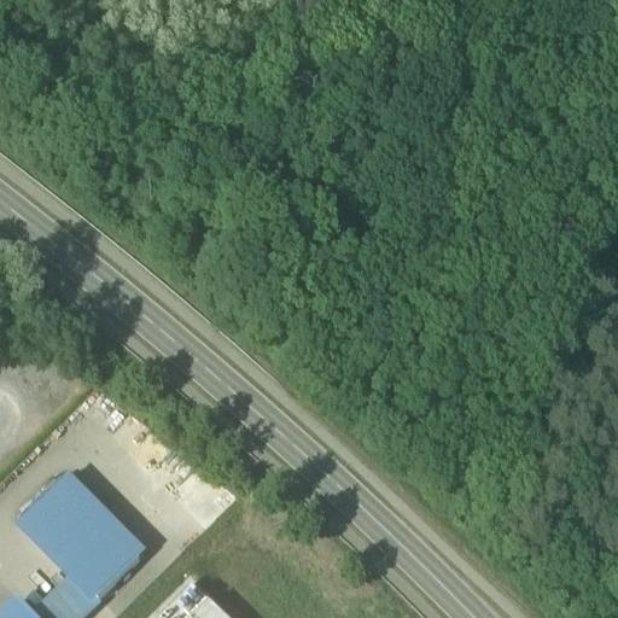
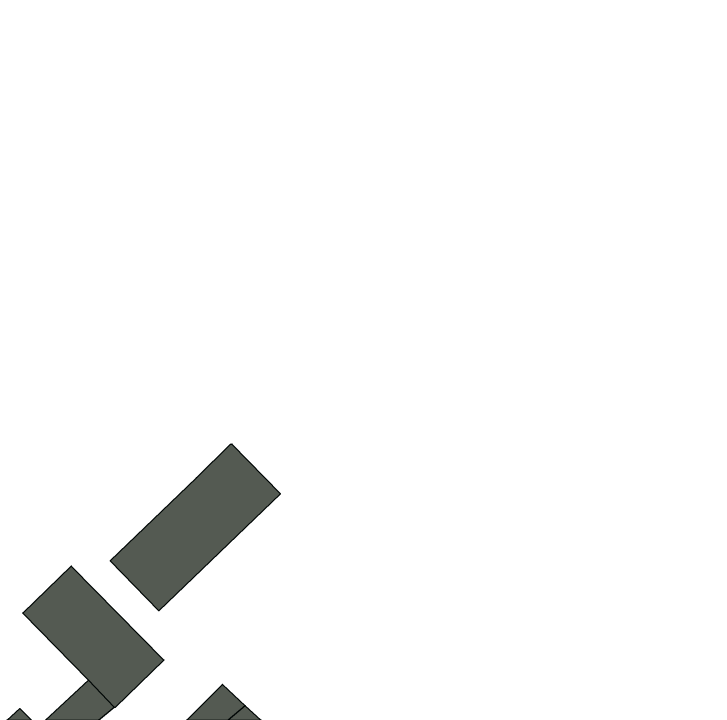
building: none -> [110,444,280,611]

